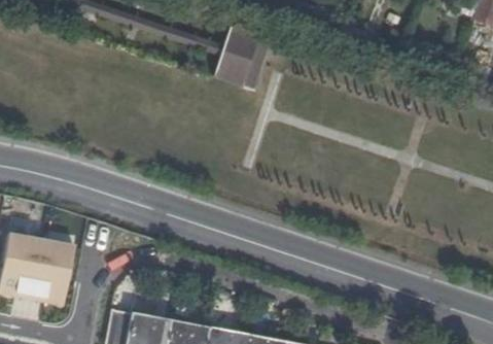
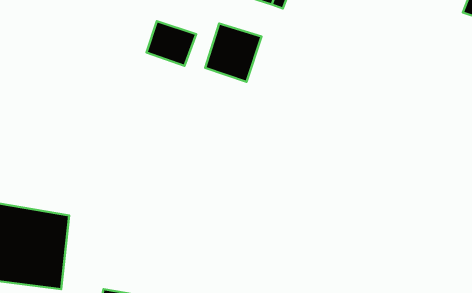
building: none -> [147,21,196,66]

